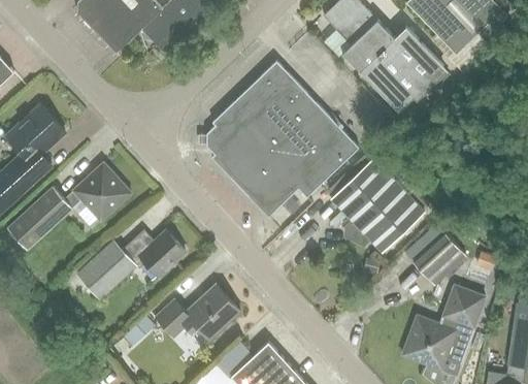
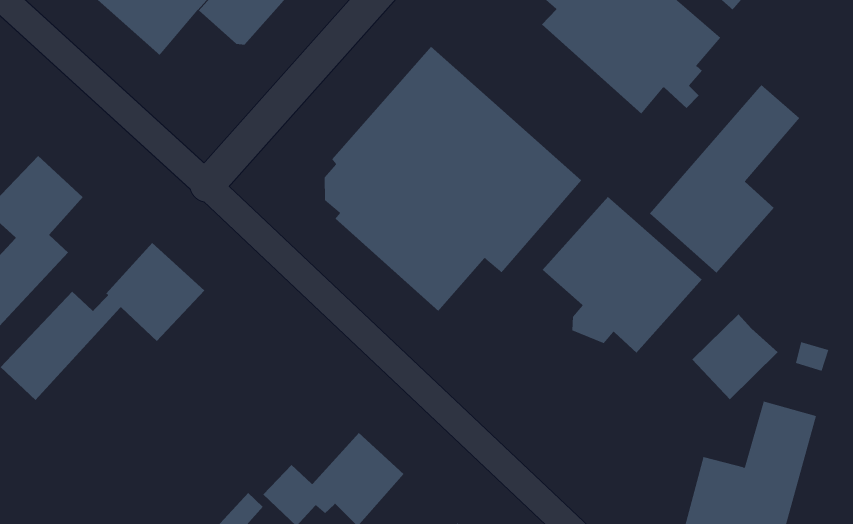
building: none -> [649,84,800,274]
building: [68,229,186,298] -> none

